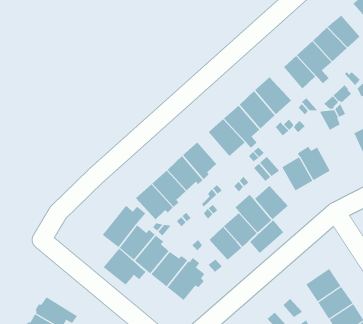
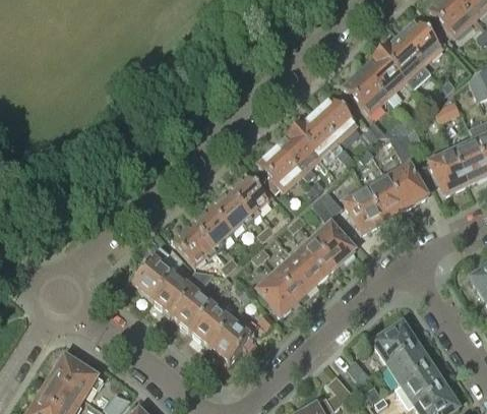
building: none -> [387,166,425,208]
building: [249,219,284,254] -> none
building: [103,248,146,286] -> none

